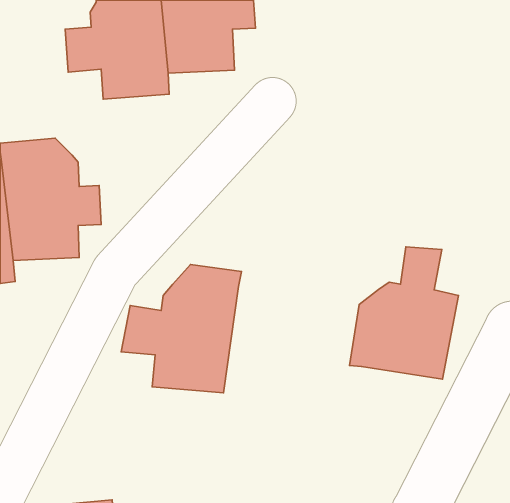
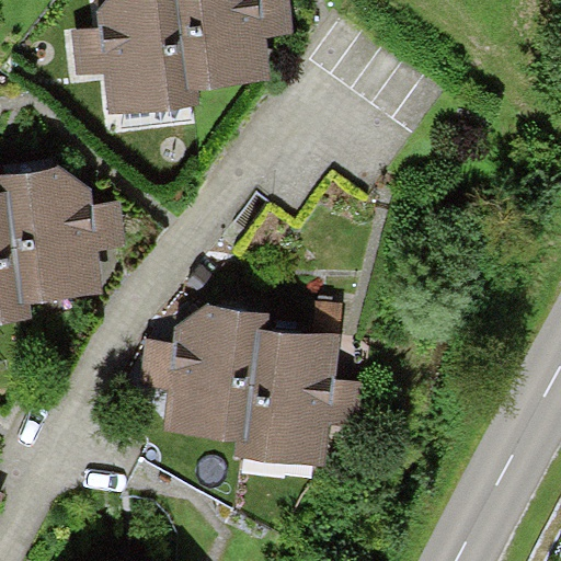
building: [350,247,458,379] -> none
building: none -> [244,323,360,463]

